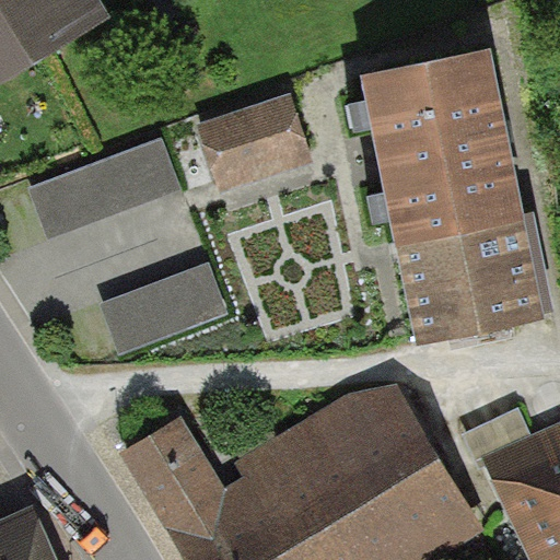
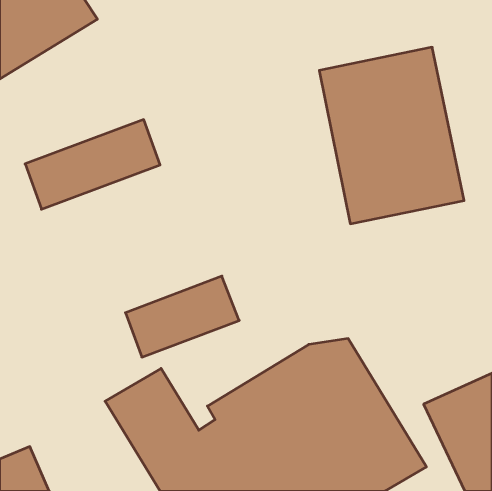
building: [196,94,313,190] -> none
building: [397,228,545,350] -> none
building: [100,261,229,353] -> [125,276,239,357]

